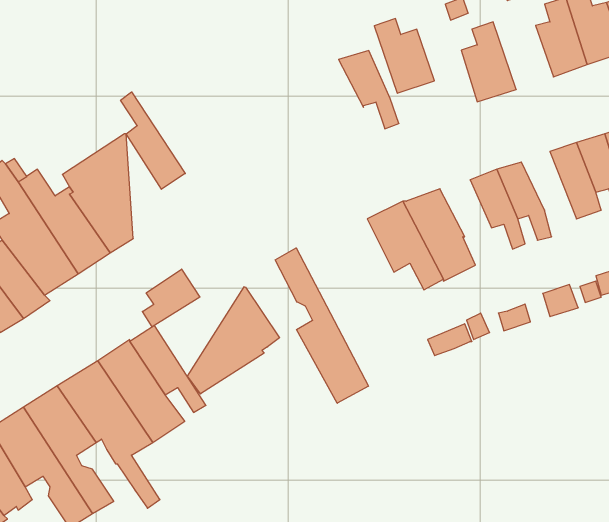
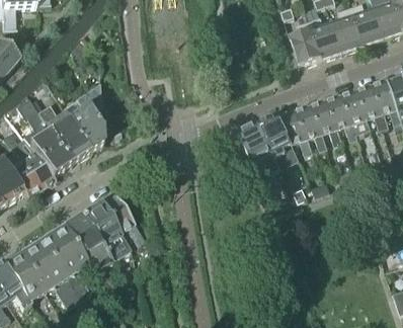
building: [374,19,434,93] -> [309,17,343,60]
building: [339,51,399,129] -> [278,111,313,156]
building: [121,92,185,189] -> none
building: none -> [325,95,358,141]
building: [275,248,368,403] -> none
building: [142,269,200,327] -> none
building: [187,287,280,394] -> none

